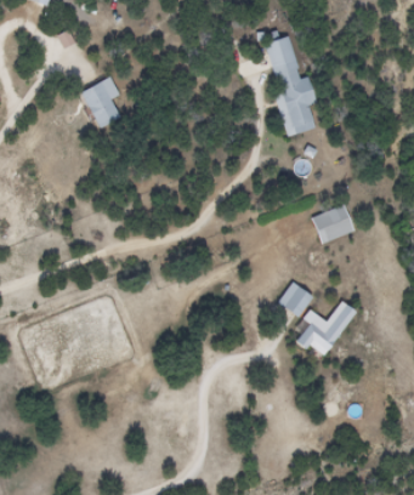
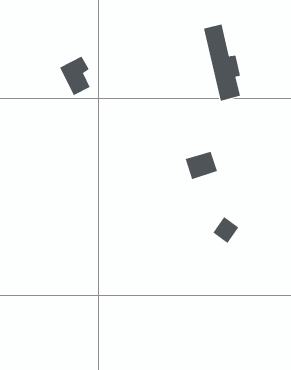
building: [311,207,353,244] -> [185,151,218,180]
building: [297,300,355,357] -> none

